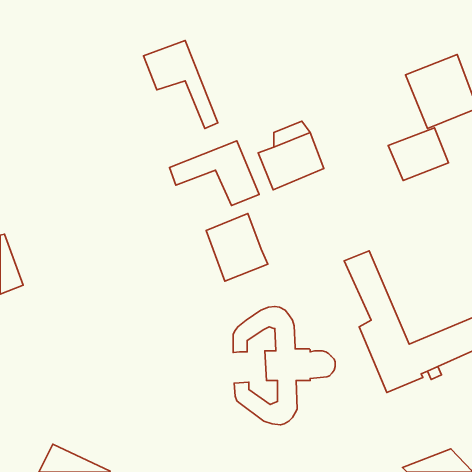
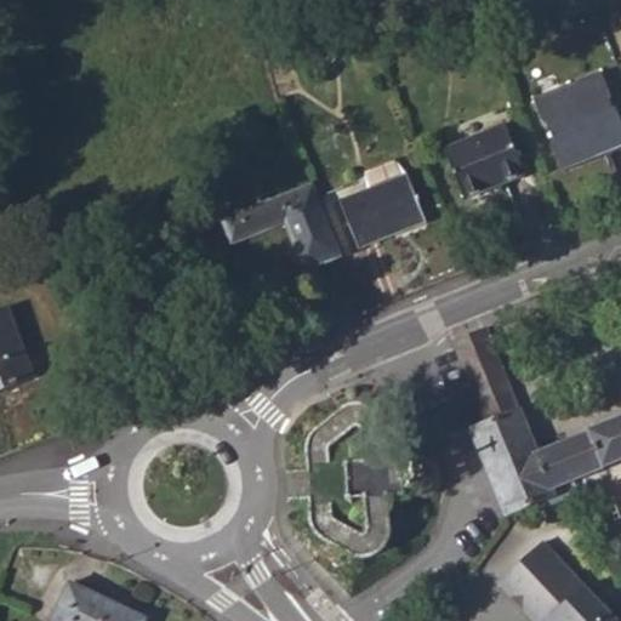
building: [143,40,218,129] -> none
building: [388,128,448,181] -> [445,126,524,195]
building: [206,214,268,281] -> none
building: none -> [497,536,592,613]

